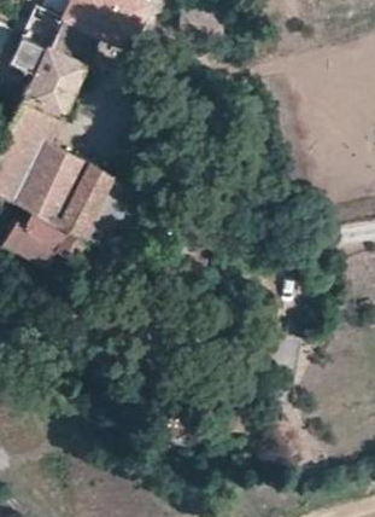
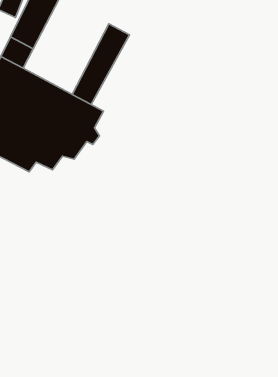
building: none -> [72,24,129,104]

